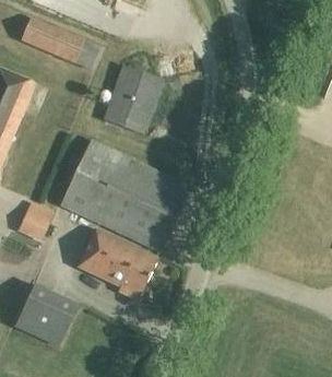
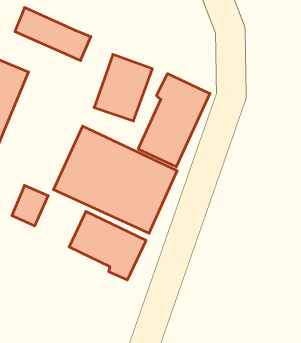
building: none -> [138,74,210,167]
building: [14,283,79,347] -> none

